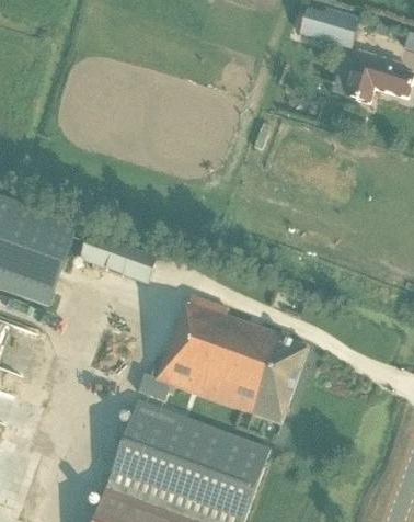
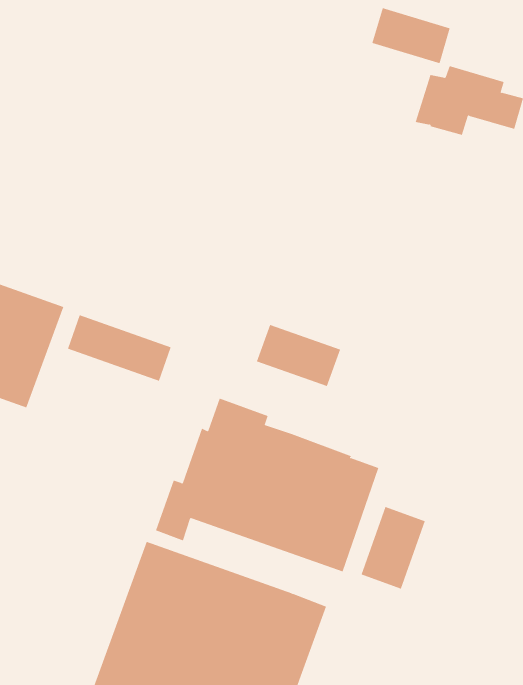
building: none -> [256,324,341,387]
building: none -> [361,506,426,589]

